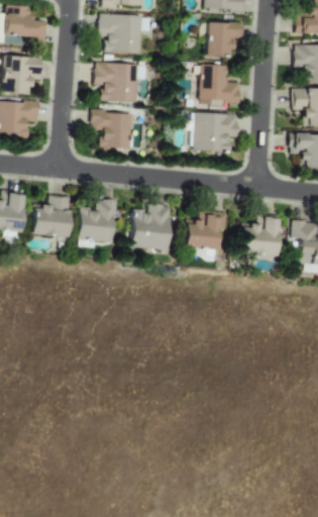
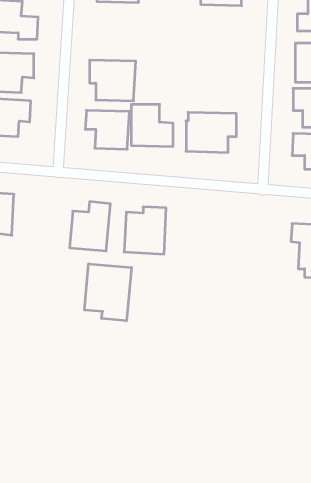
building: [101,14,145,54] -> none
building: [206,22,245,57] -> none
building: [201,65,241,105] -> [131,104,173,146]
building: [32,195,71,236] -> none
building: [184,209,229,249] -> none
building: [239,215,280,255] -> none
building: none -> [85,264,131,321]

